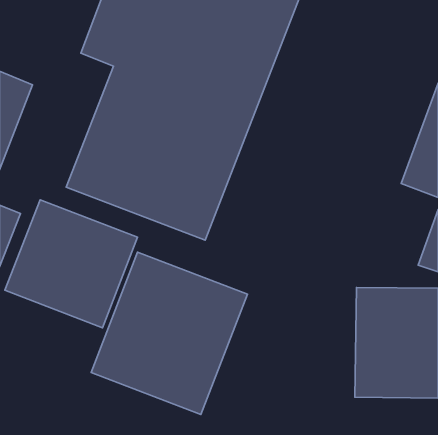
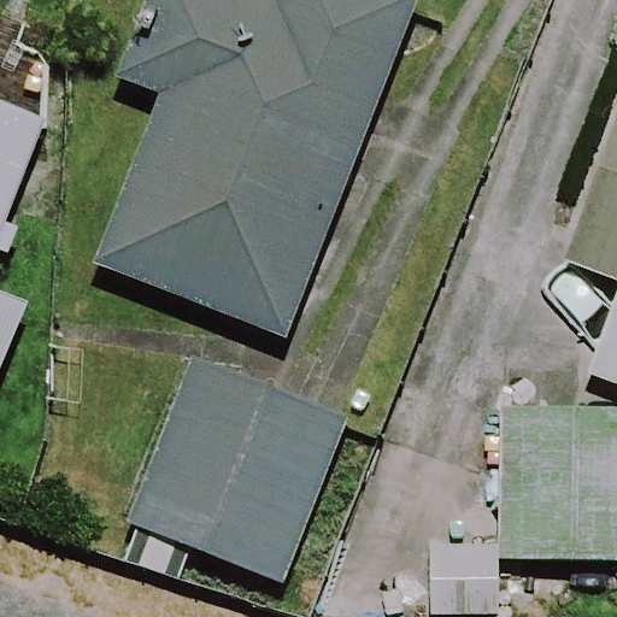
building: [5,200,138,328] -> none

